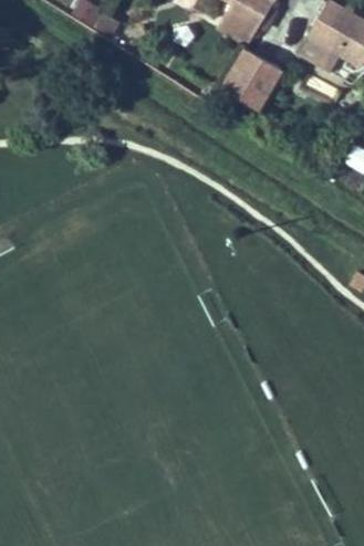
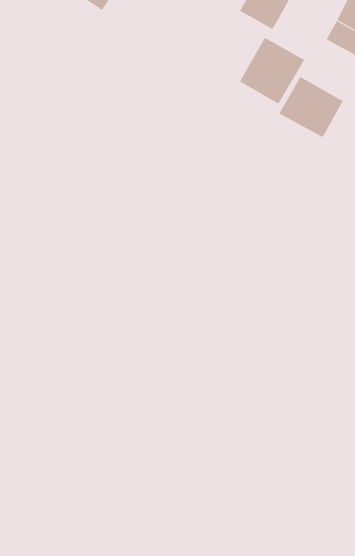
building: none -> [279,76,343,138]

